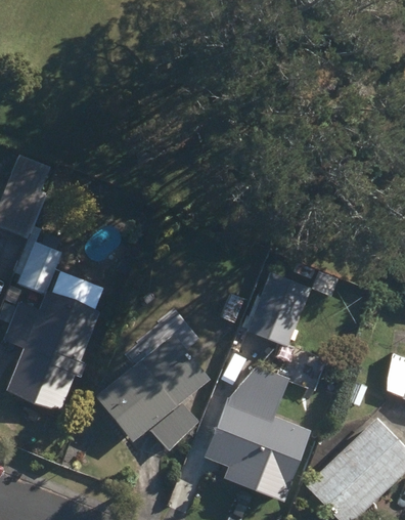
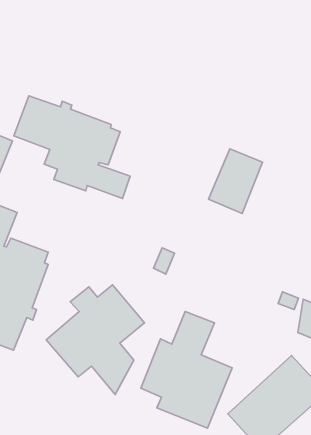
building: none -> [14,96,130,198]
building: [248,272,310,347] -> [209,149,263,213]

